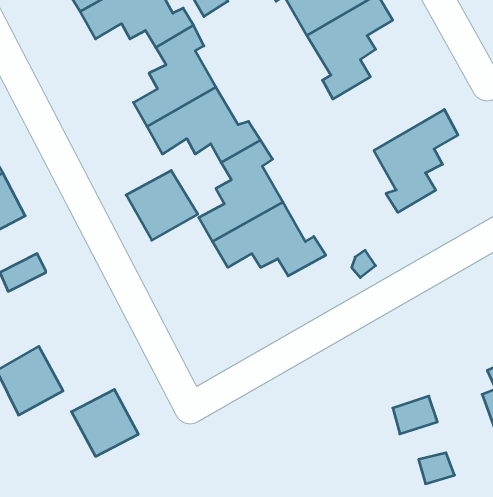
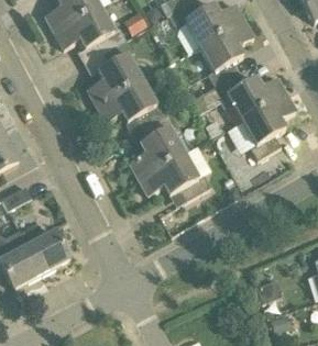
building: none -> [189,71,286,119]
building: [126,170,198,240] -> none
building: [71,389,138,456] -> [26,230,69,272]

